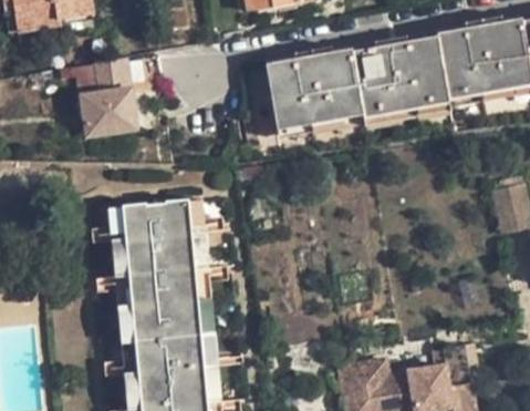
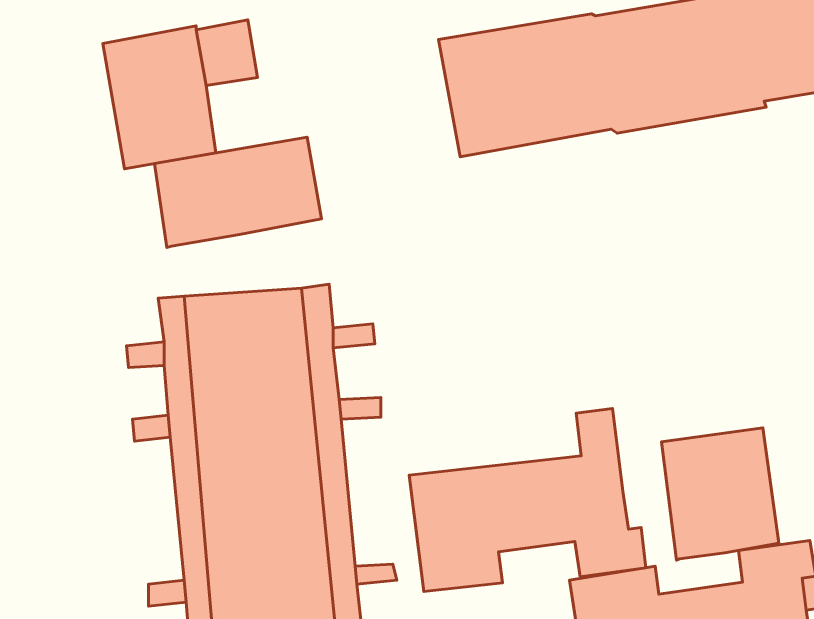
building: none -> [154,137,321,248]
building: none -> [409,409,646,592]
building: none -> [661,428,779,560]

